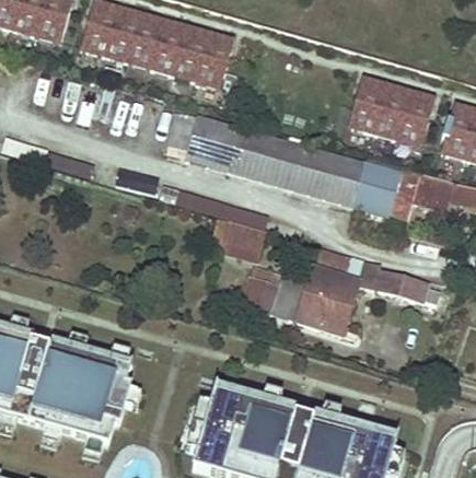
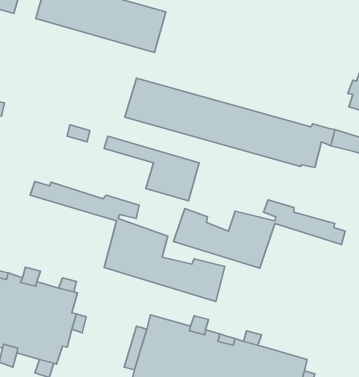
building: [351,78,432,142] -> none
building: none -> [30,182,225,301]

